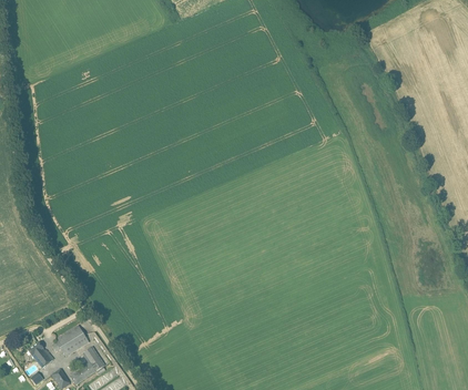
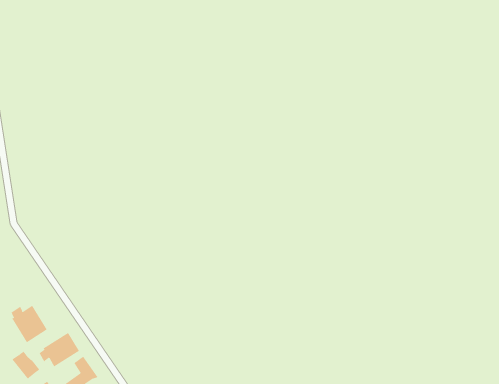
building: none -> [11,305,48,343]

